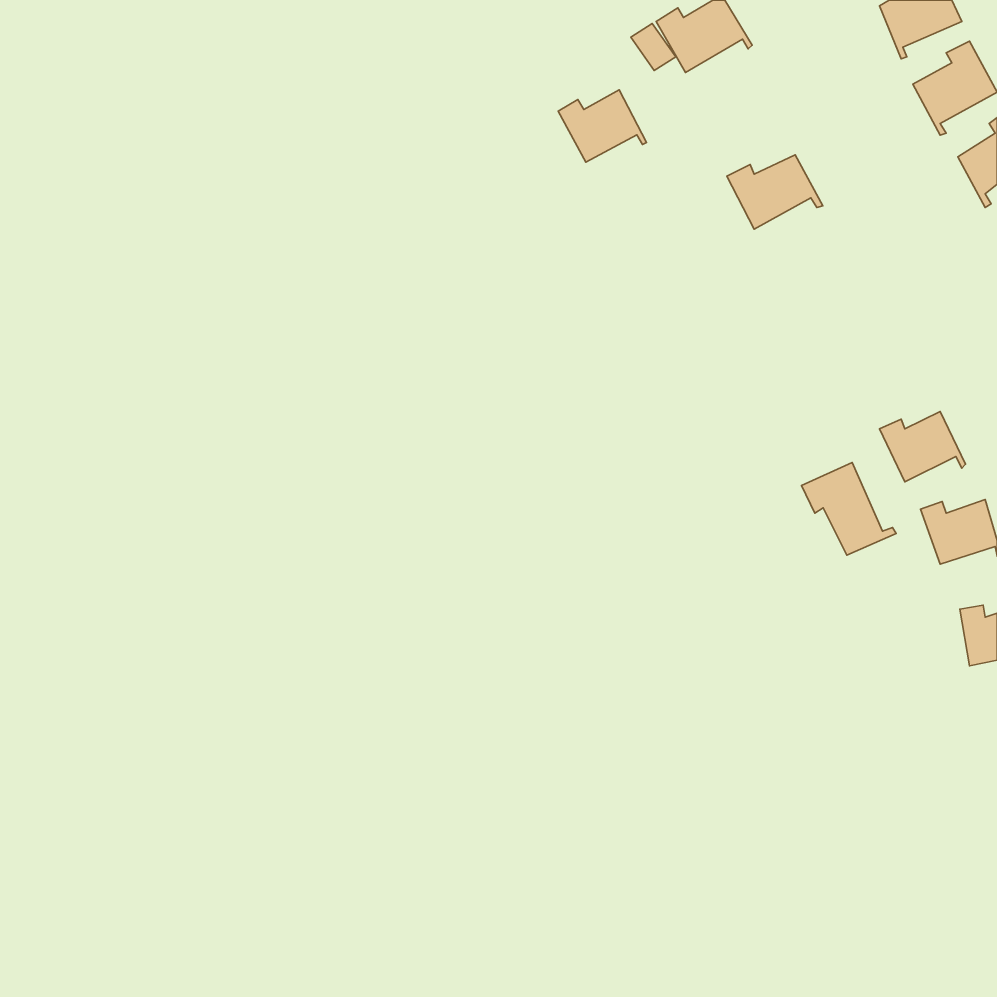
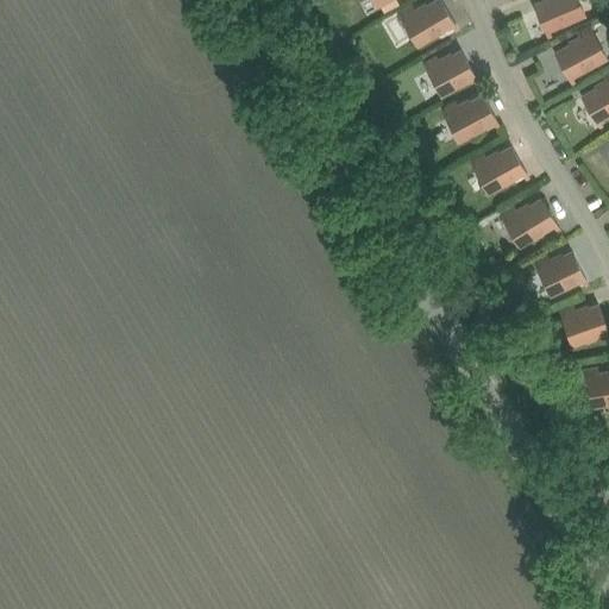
building: [558,90,646,162] -> [423,51,477,95]
building: none -> [470,147,528,194]
building: none -> [500,200,559,246]
building: [801,462,896,555] -> none

